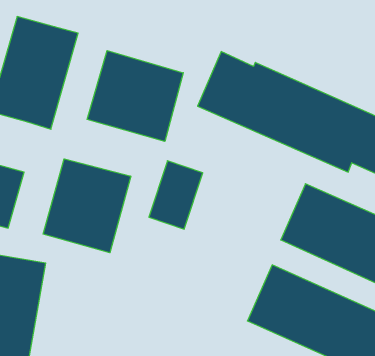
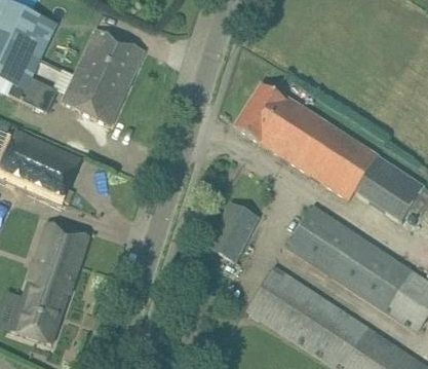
building: [87,51,183,141] -> none
building: [43,159,131,253] -> none
building: [149,161,203,229] -> [207,202,258,261]

